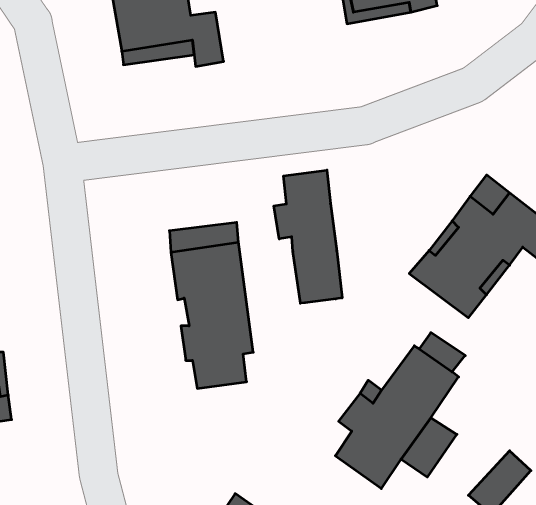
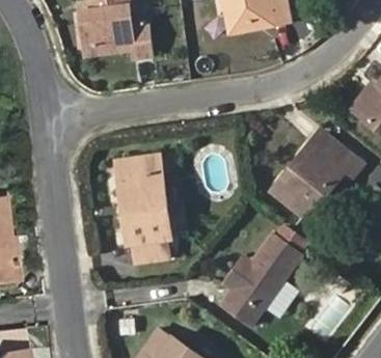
building: [274,170,342,303] -> none

